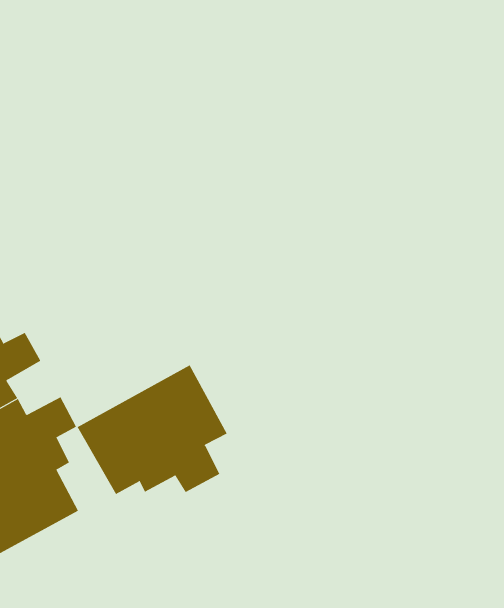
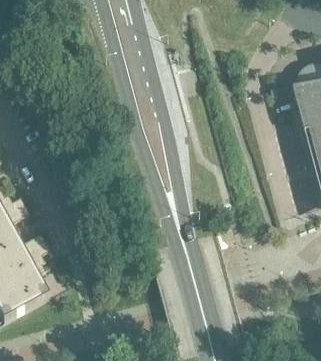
building: [77,364,228,495] -> none

